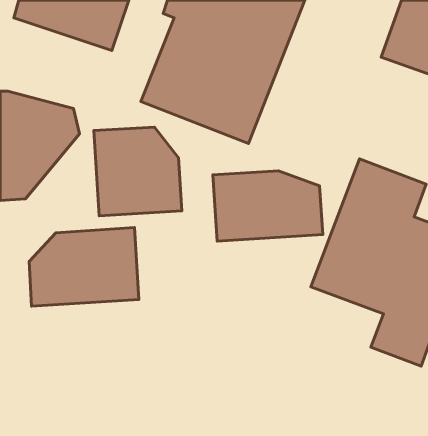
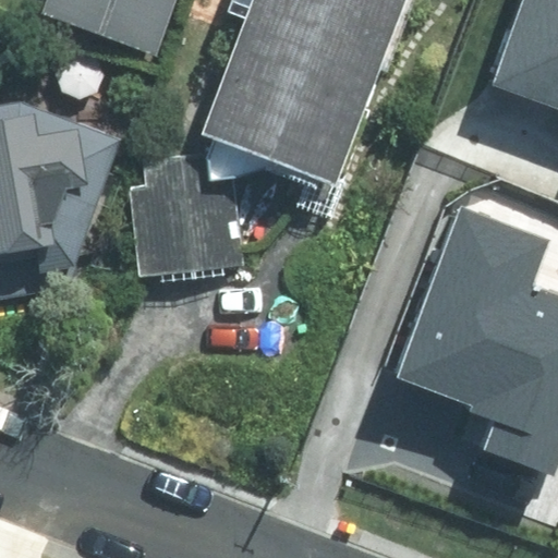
building: [213,171,323,241] -> none
building: [29,228,139,306] -> none

